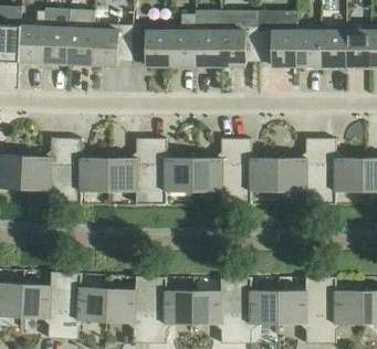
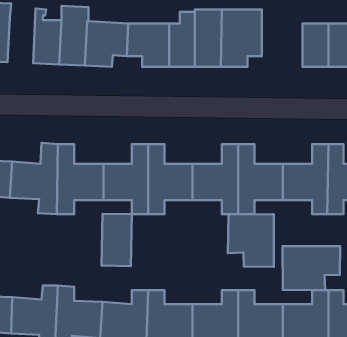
building: [19,11,45,63] -> none
building: [259,25,297,66] -> none
building: none -> [102,214,132,266]
building: none -> [228,214,274,267]
building: none -> [282,246,340,290]

